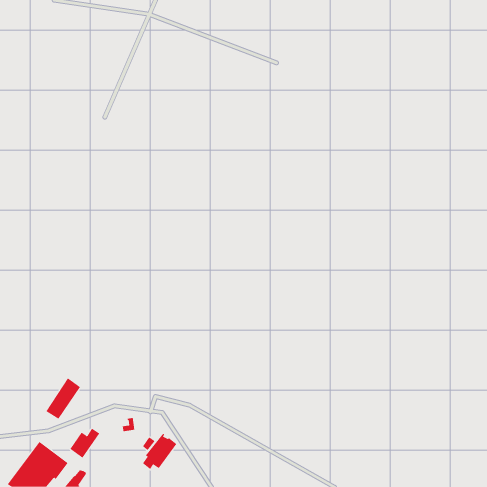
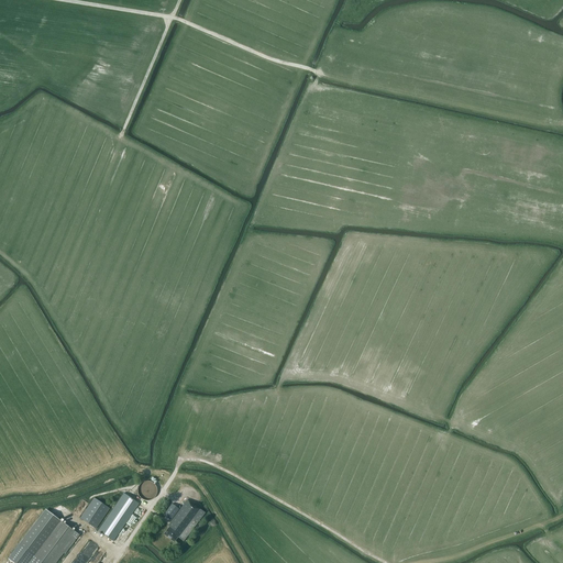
building: [46,378,81,420] -> [98,493,139,541]

